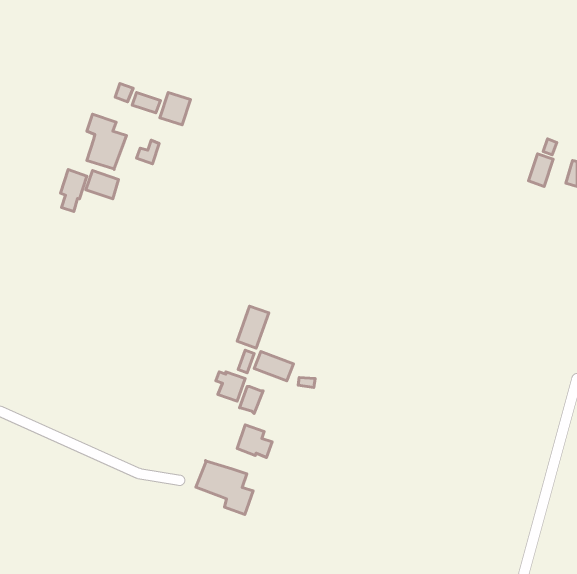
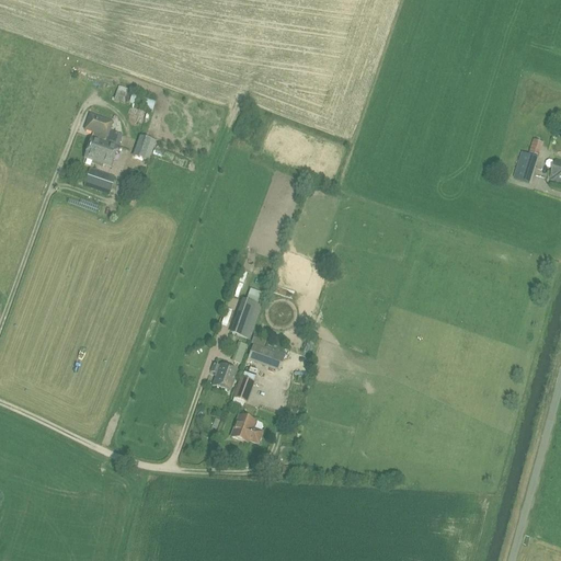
building: [160,92,190,125] -> none
building: [60,170,87,211] -> none
building: [196,460,253,514] -> none

